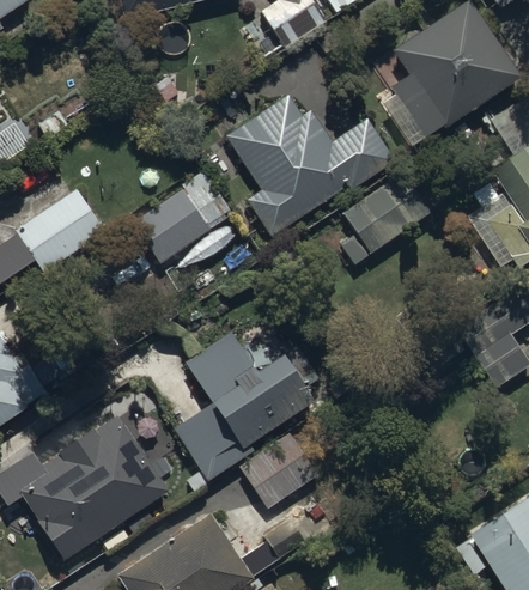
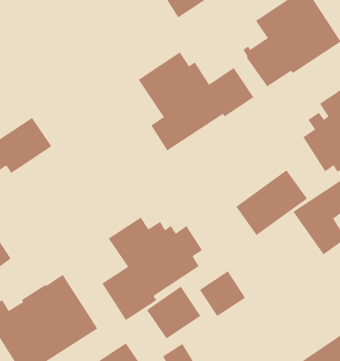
building: [135,169,233,260] -> none
building: [327,169,431,264] -> [235,169,308,236]
building: none -> [199,270,246,317]

